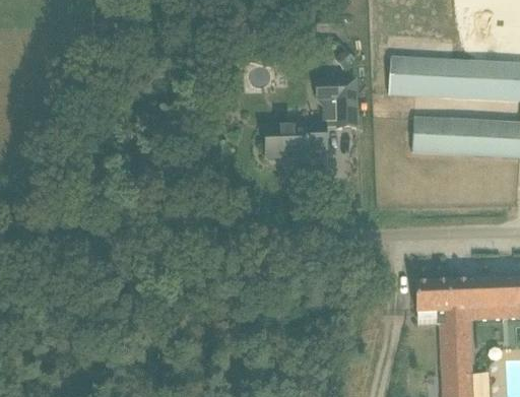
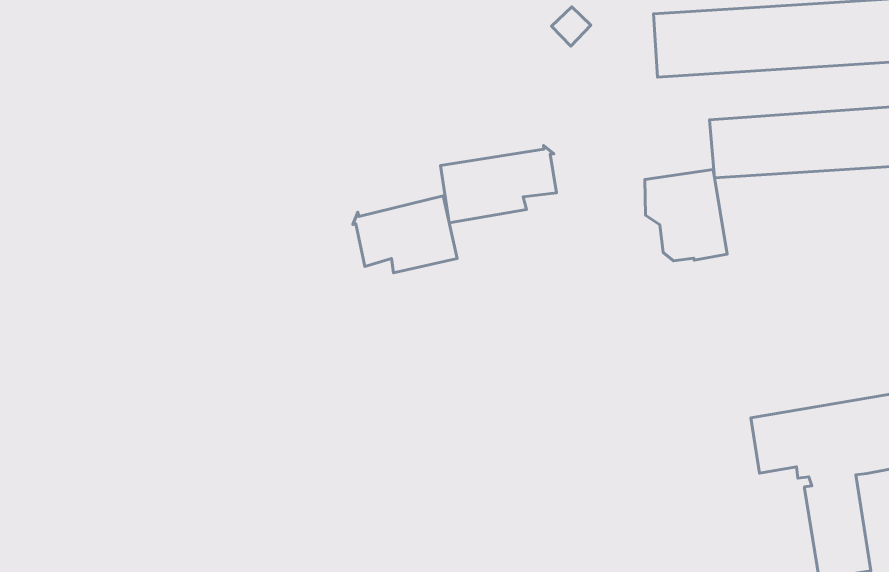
building: [316,80,358,128] -> [645,169,727,261]
building: none -> [353,196,457,273]

